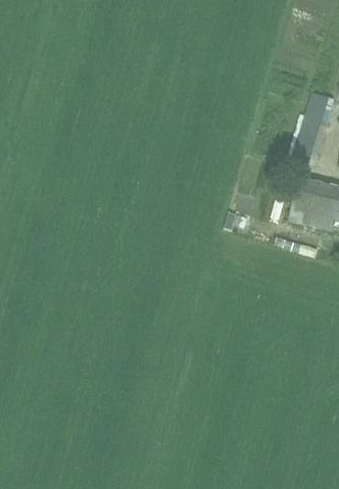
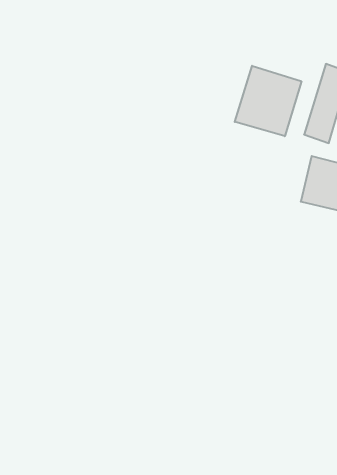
building: none -> [235,66,301,136]

